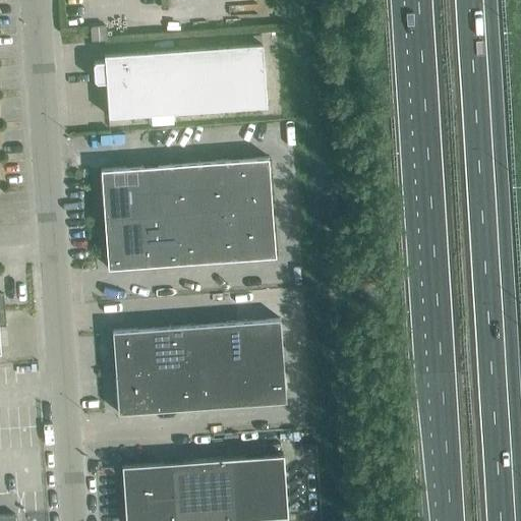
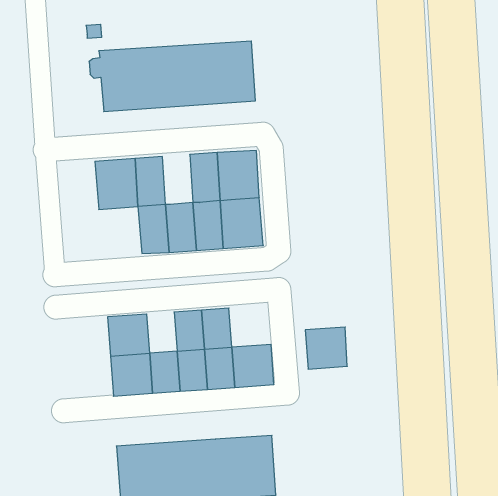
building: [171,165,202,217] -> none
building: [105,219,150,271] -> none
building: [240,322,284,365] -> [305,327,347,369]
building: [155,329,186,371] -> none

